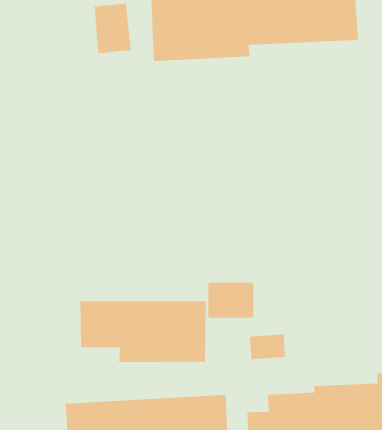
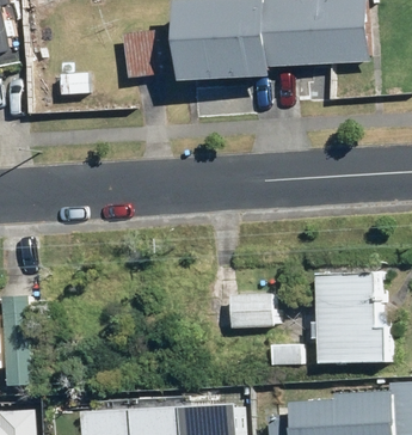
building: none -> [314,272,383,362]
building: [79,301,206,363] -> none

